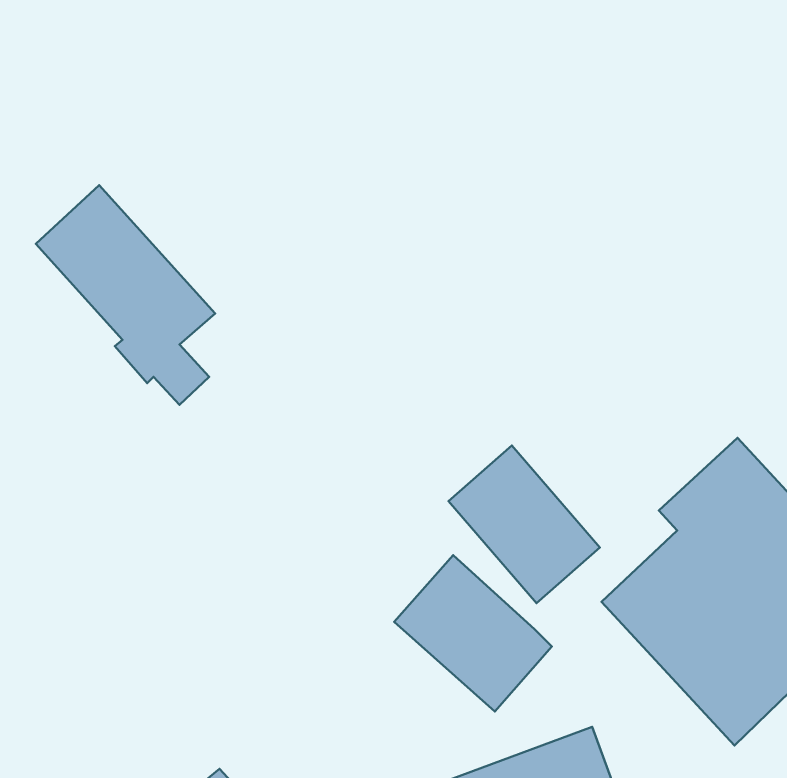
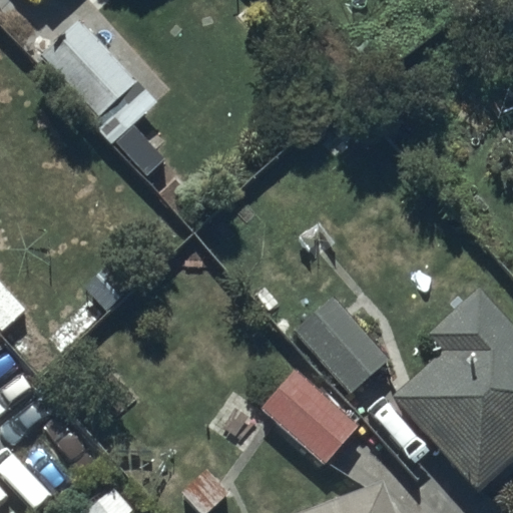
building: [36,185,215,405] -> [40,20,156,162]

